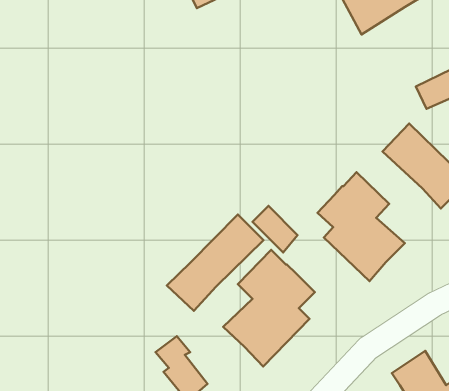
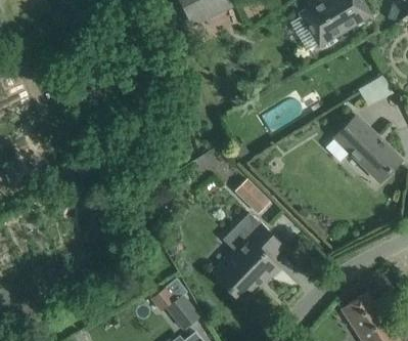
building: [318,172,405,281] -> none
building: [167,215,263,311] -> none

